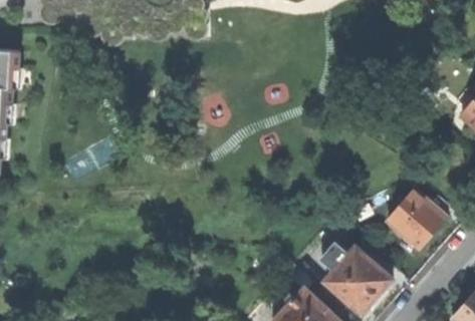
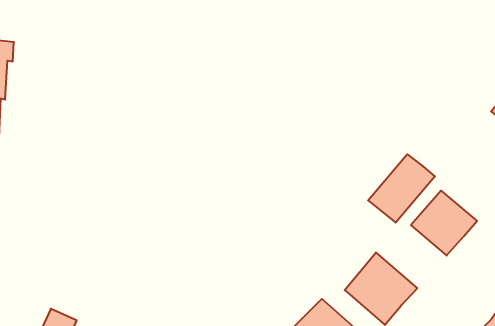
building: none -> [368,154,435,223]

